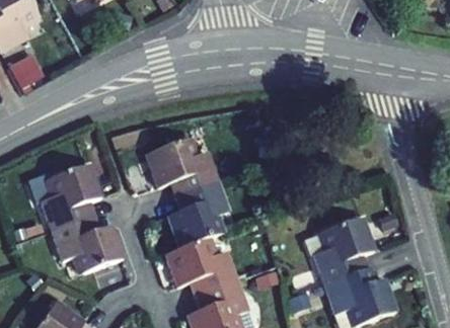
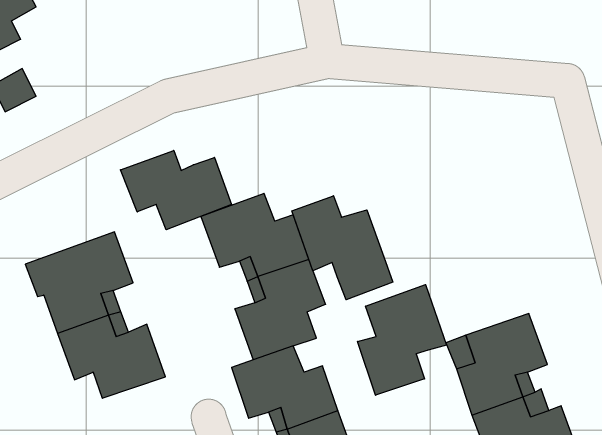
building: none -> [120,150,232,230]
building: none -> [292,196,393,300]
building: none -> [358,285,447,395]

